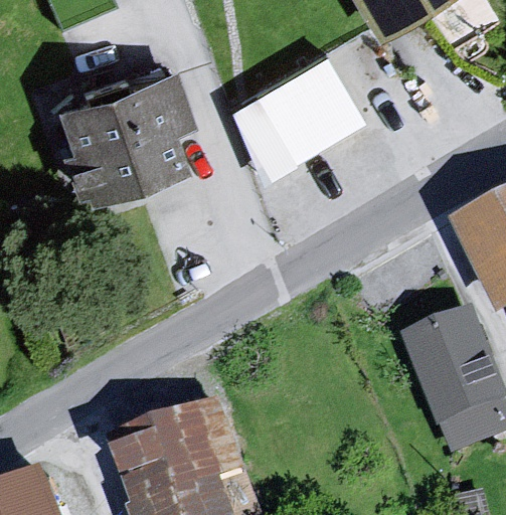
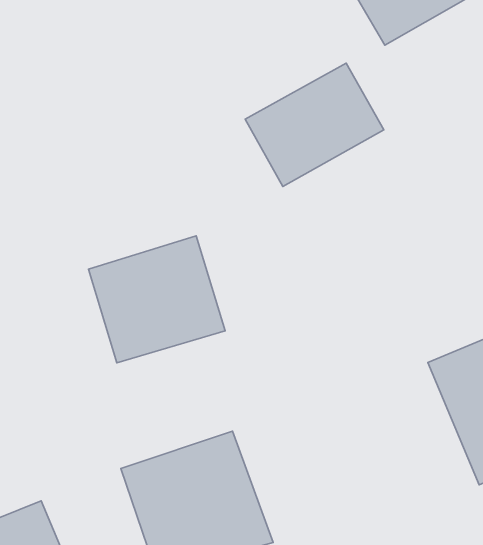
building: [40,73,184,195] -> none
building: none -> [89,236,225,363]

